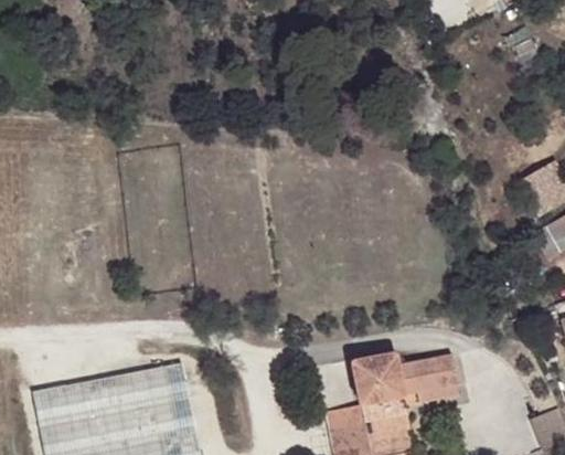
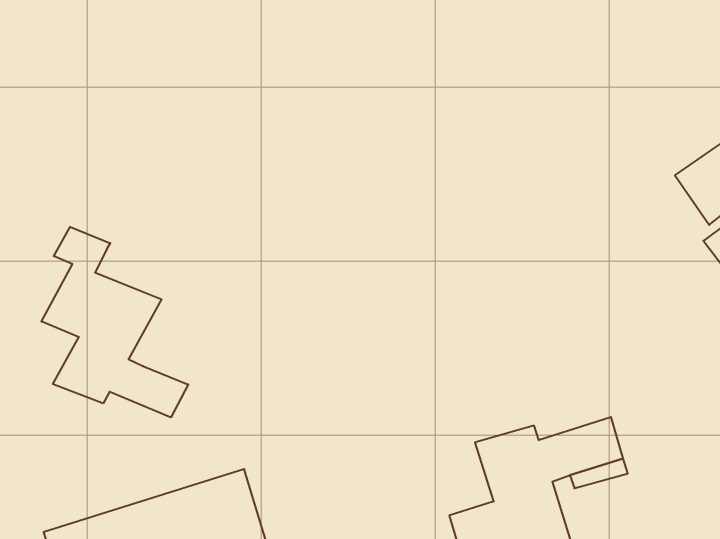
building: none -> [41,227,188,417]

